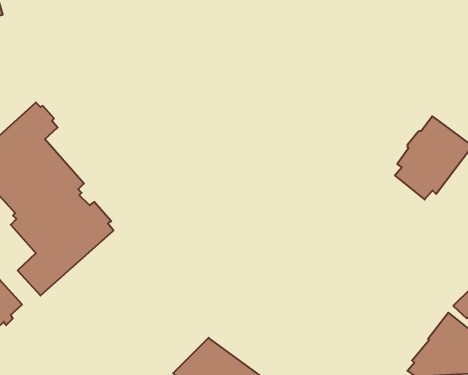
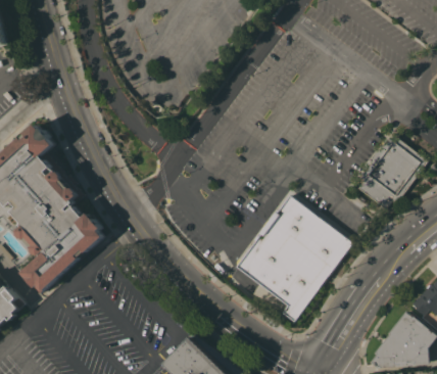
building: none -> [236,195,352,321]

